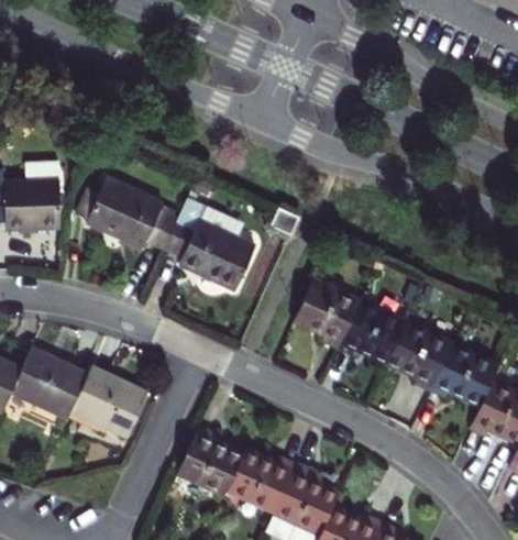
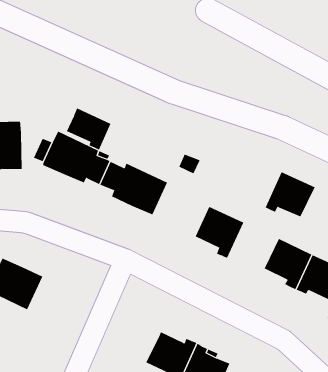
building: none -> [66,108,111,150]
building: [337,300,405,362] -> [265,171,316,217]
building: [71,365,148,437] -> none
building: [178,425,244,494] -> none

